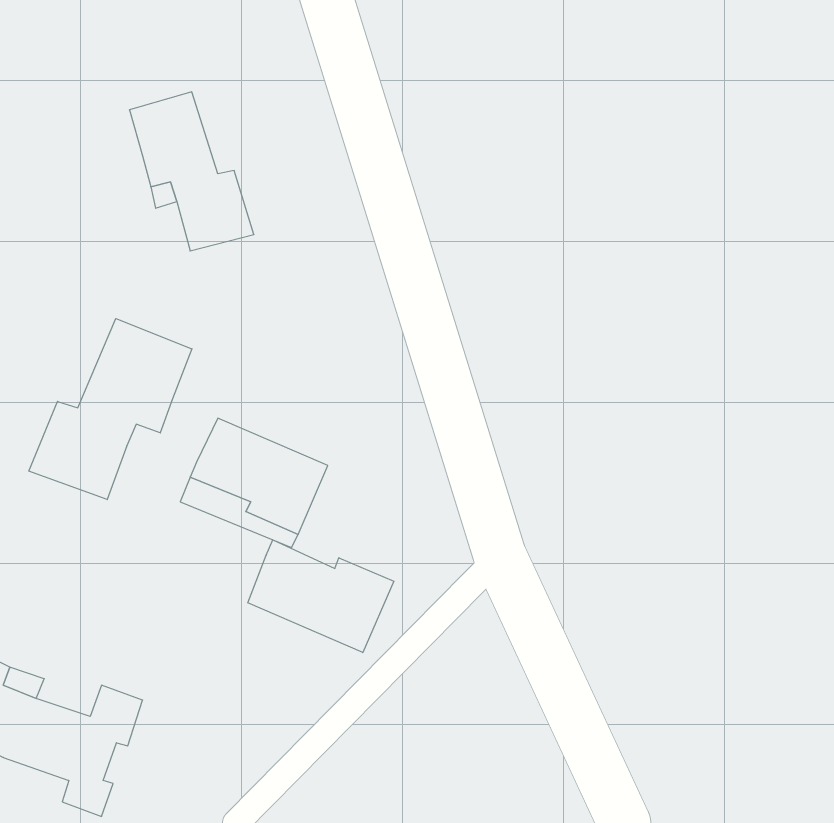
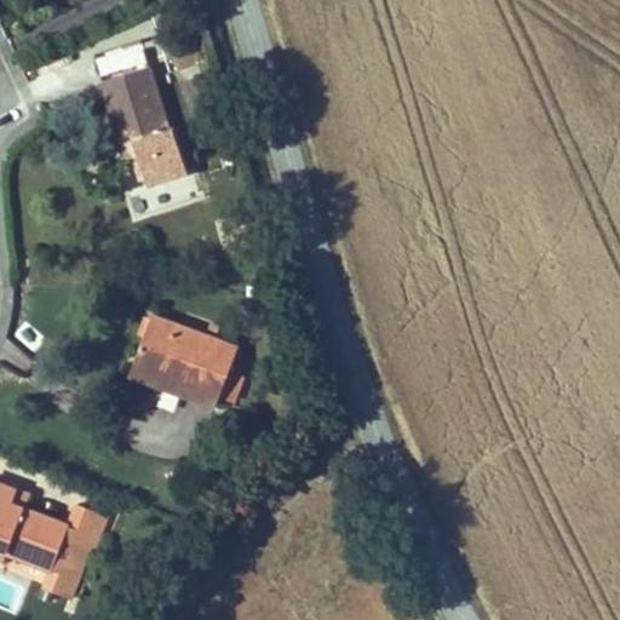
building: [29,319,192,500] -> none
building: [248,540,394,653] -> none

